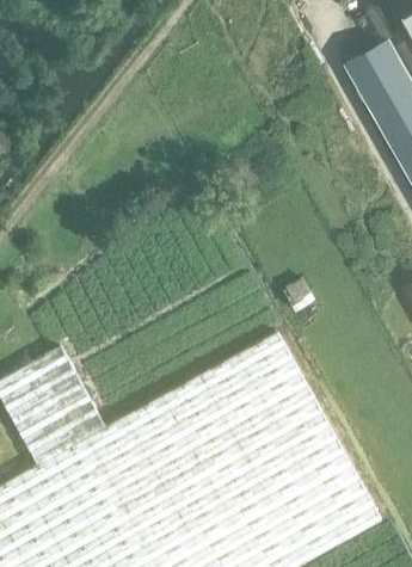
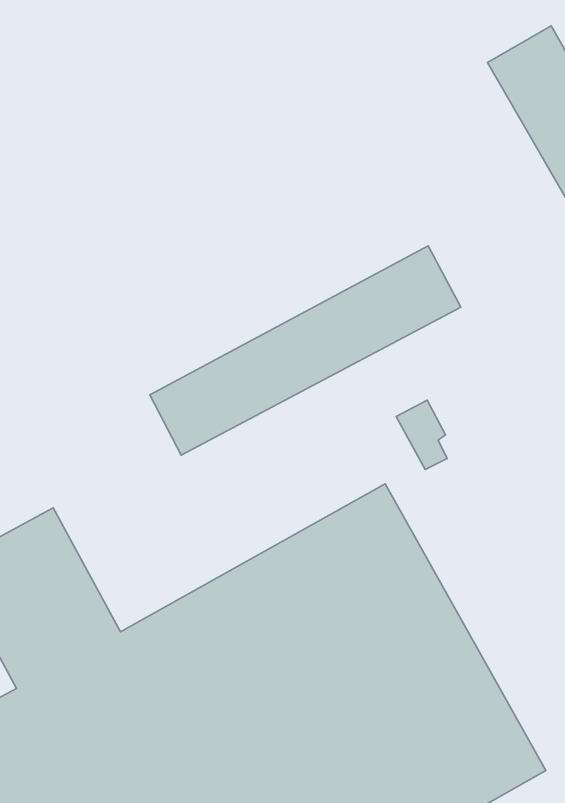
building: none -> [150,246,461,455]

